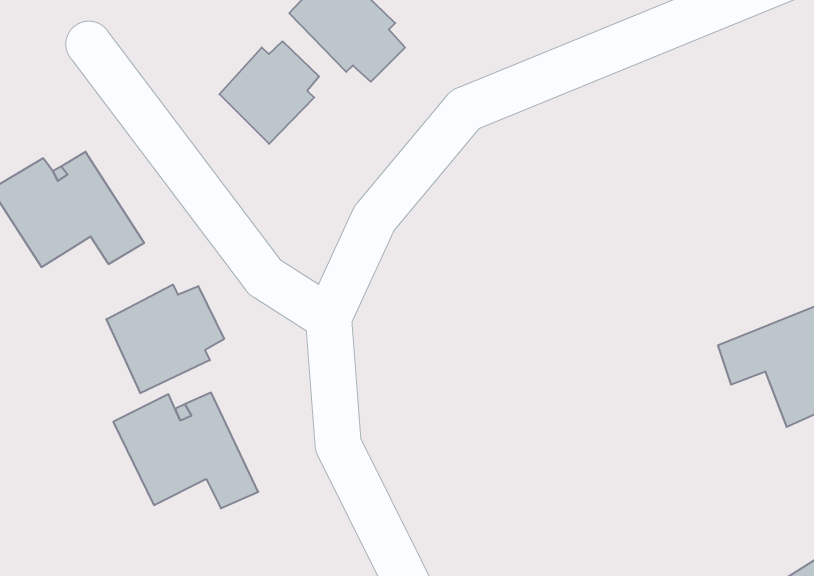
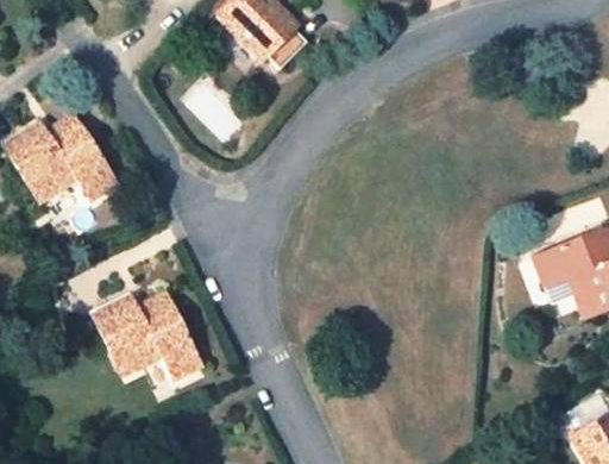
building: [219,41,319,144] -> none
building: [106,285,224,393] -> none

